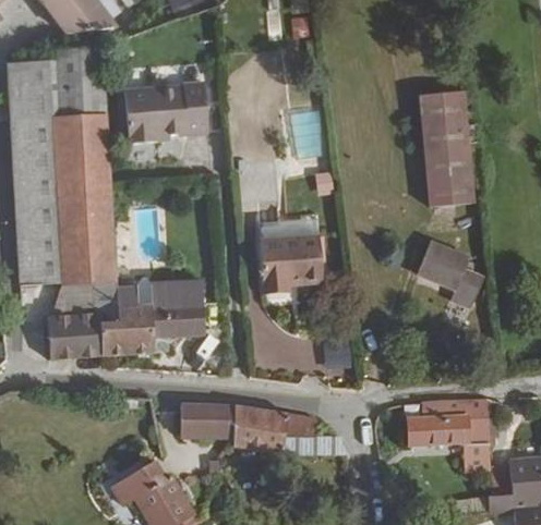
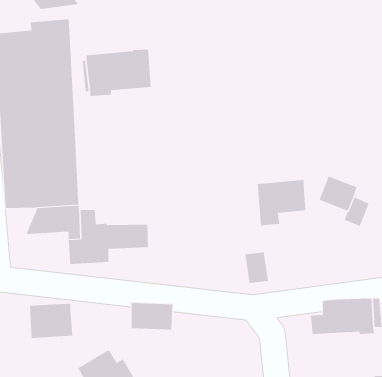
building: [419,90,473,206] -> none
building: [259,235,321,294] -> [257,179,306,226]
building: [135,281,202,305] -> none
building: [47,314,103,358] -> [29,303,73,338]
building: [232,405,346,453] -> none

